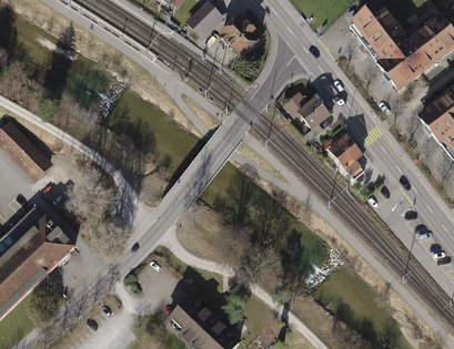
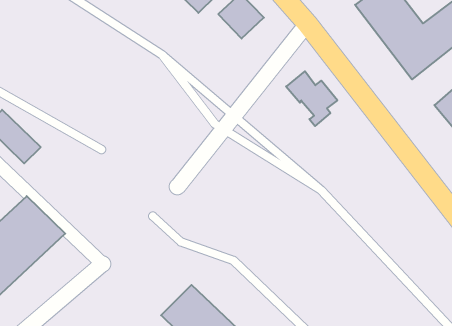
building: [321,132,365,179] -> none

